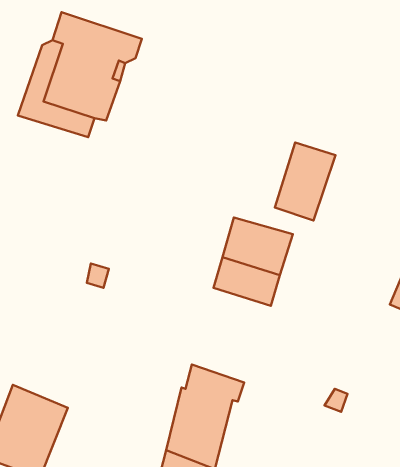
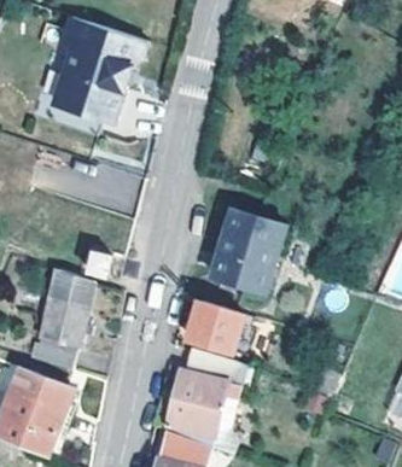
building: [275,143,335,220] -> none
building: none -> [37,272,94,373]
building: none -> [186,297,245,355]

